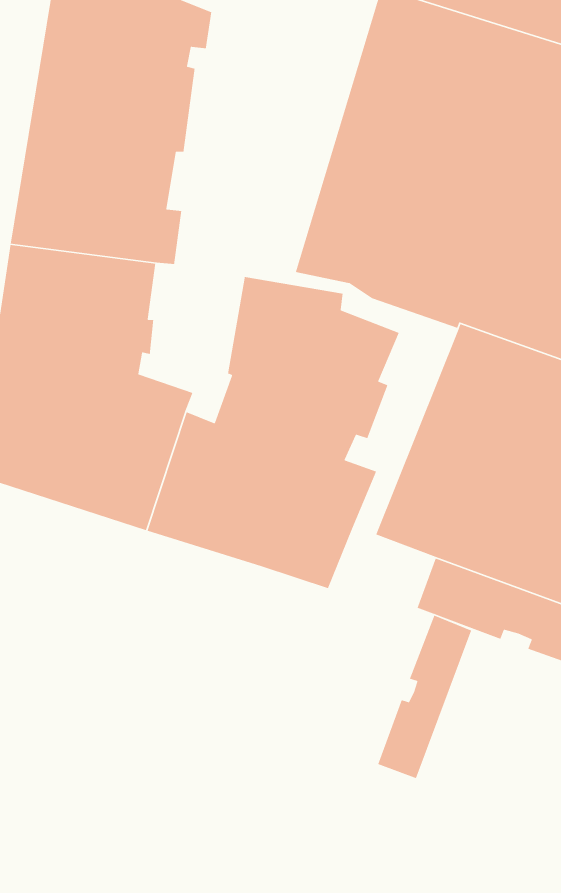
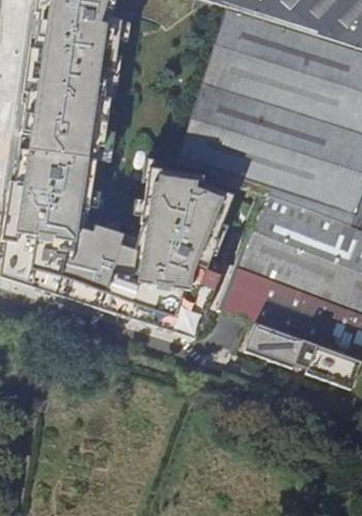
building: [377,615,472,779] -> none

